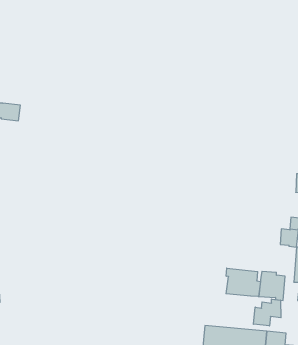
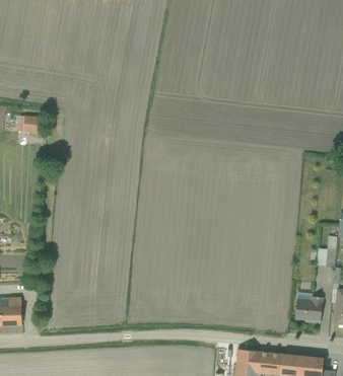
building: [226,268,260,297] -> none
building: [253,299,281,326] -> none

